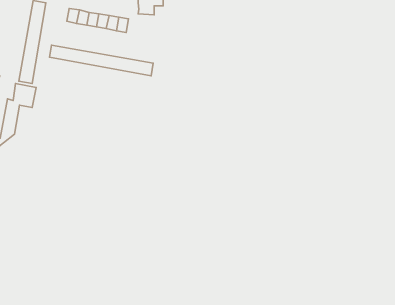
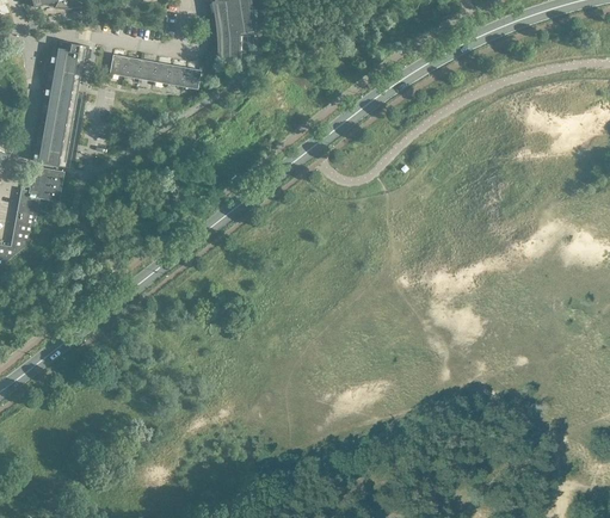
building: [49,45,153,76] -> none

